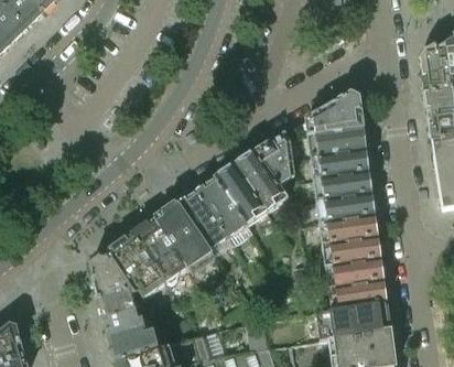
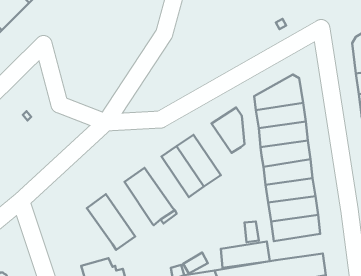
building: [235,150,288,211] -> none
building: [177,188,229,249] -> none
building: [132,218,187,282] -> none
building: [90,249,140,316] -> none
building: [328,279,386,310] -> [221,241,270,268]

